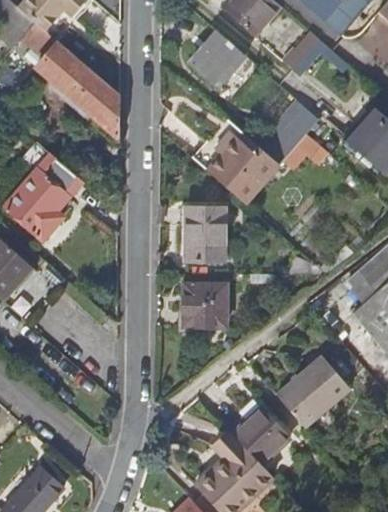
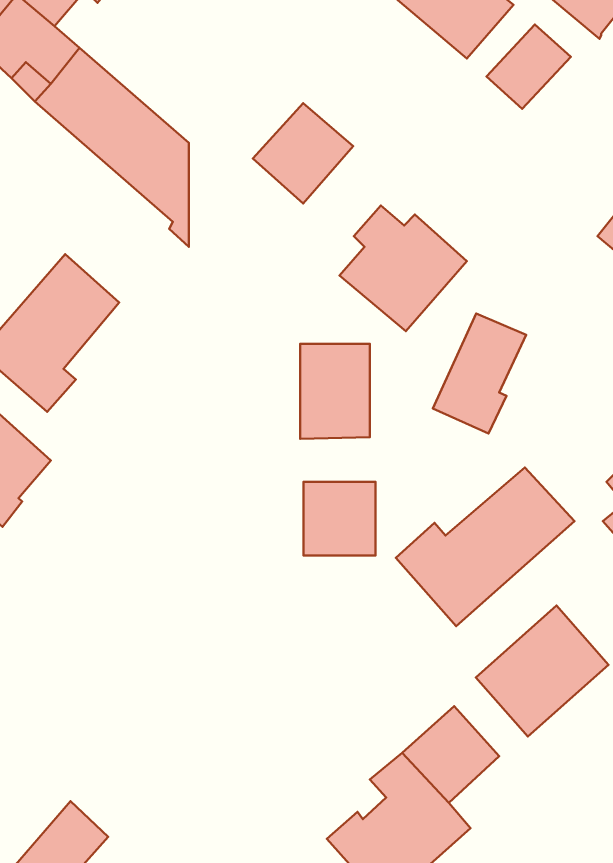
building: [195,32,251,88] -> [253,103,353,203]
building: [269,99,321,166] -> [433,313,526,434]
building: none -> [396,467,574,626]

